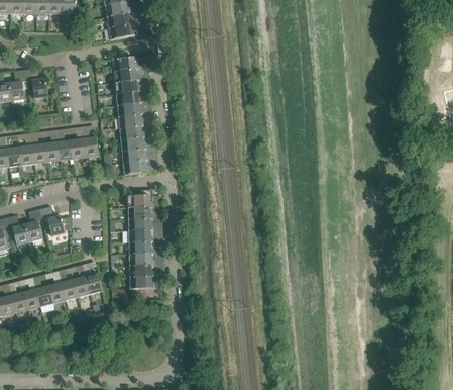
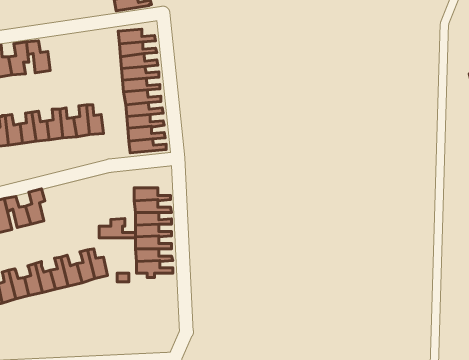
building: [128,189,162,207] -> [99,219,135,238]
building: [40,205,66,235] -> none

